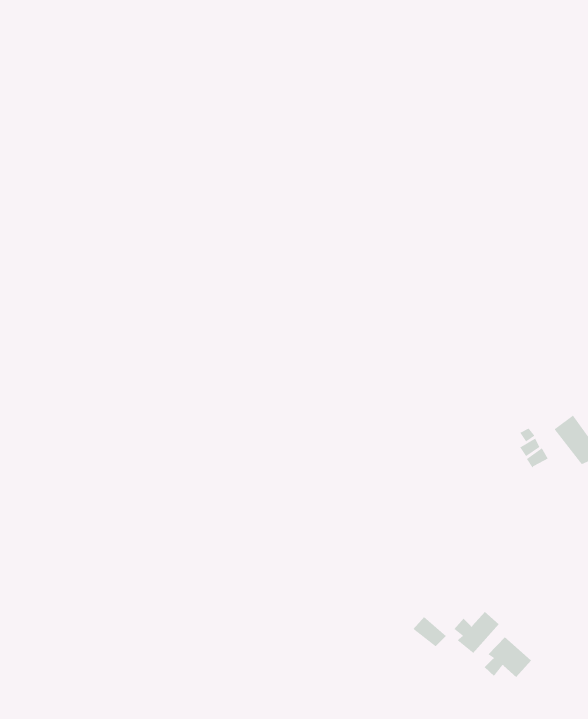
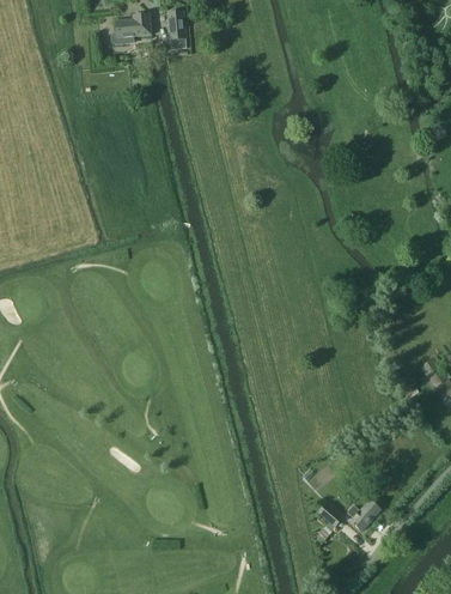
building: [484,636,532,678] -> none

